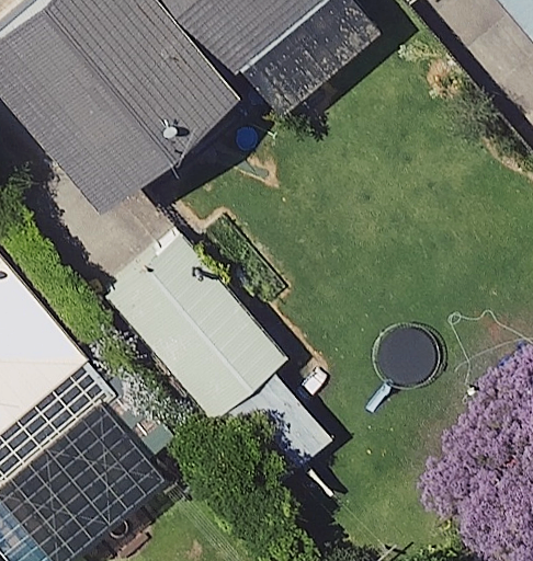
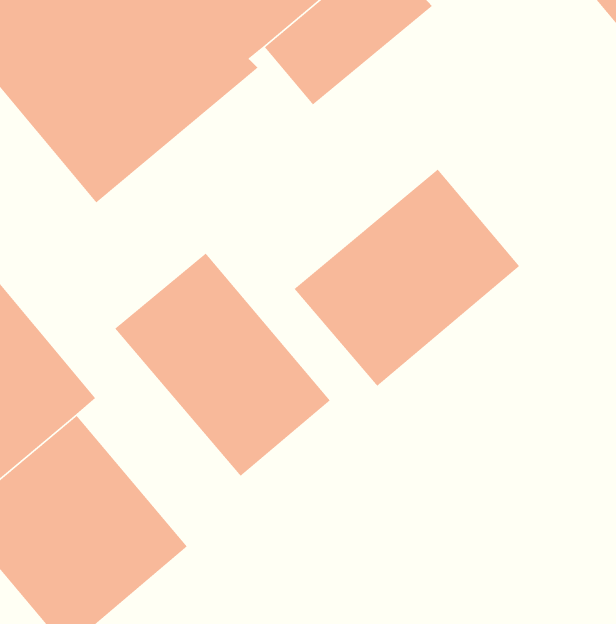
building: none -> [293,168,520,387]

